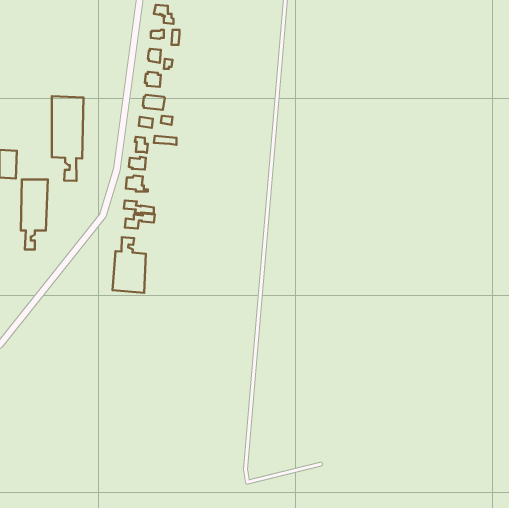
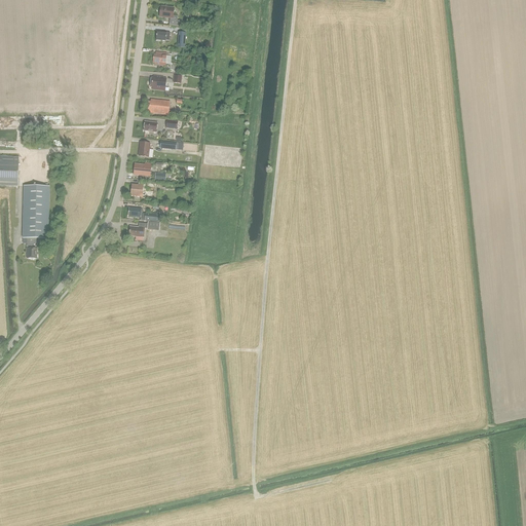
building: [52,96,83,181] -> none
building: [113,237,146,293] -> none

